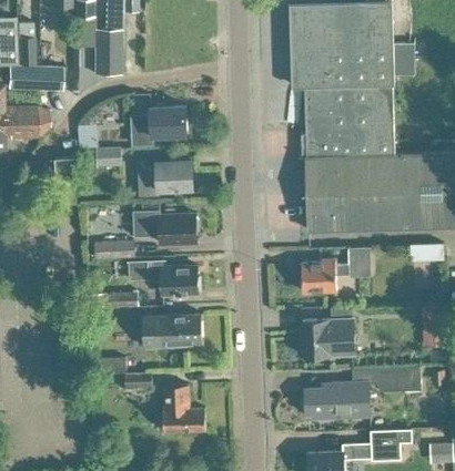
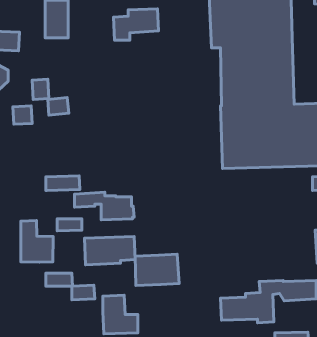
building: [391,44,414,75] -> none
building: [132,107,186,145] -> [113,9,158,40]
building: [135,161,193,197] -> none
building: [133,212,198,245] -> none
building: [302,248,370,293] -> none
building: none -> [21,221,53,262]
building: [302,319,355,357] -> [135,254,179,285]

